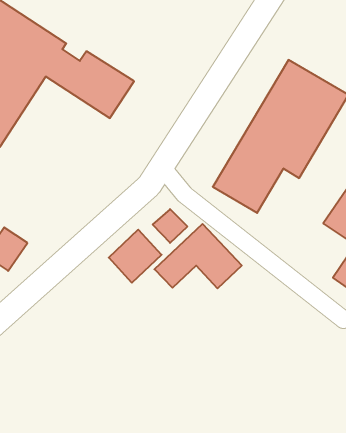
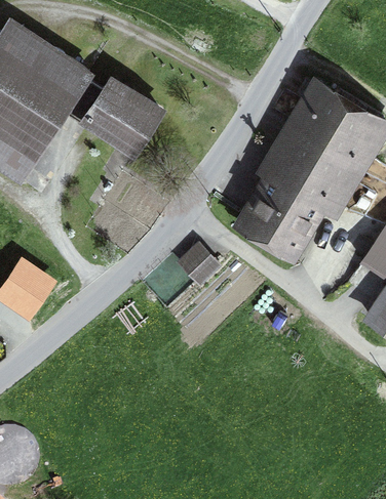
building: [154,224,242,288] -> none
building: [109,230,162,283] -> none

